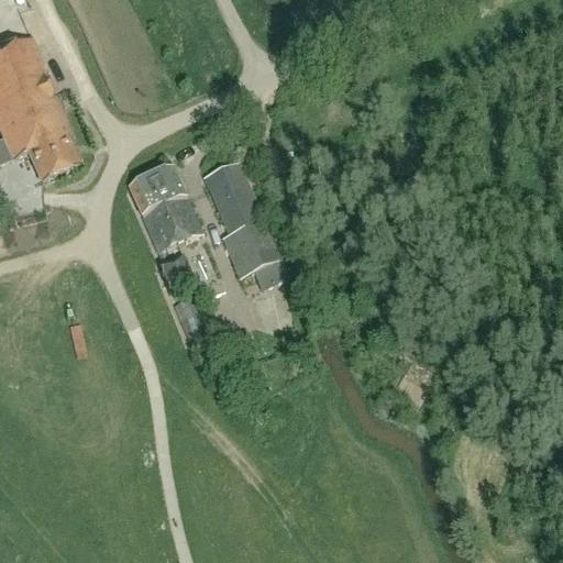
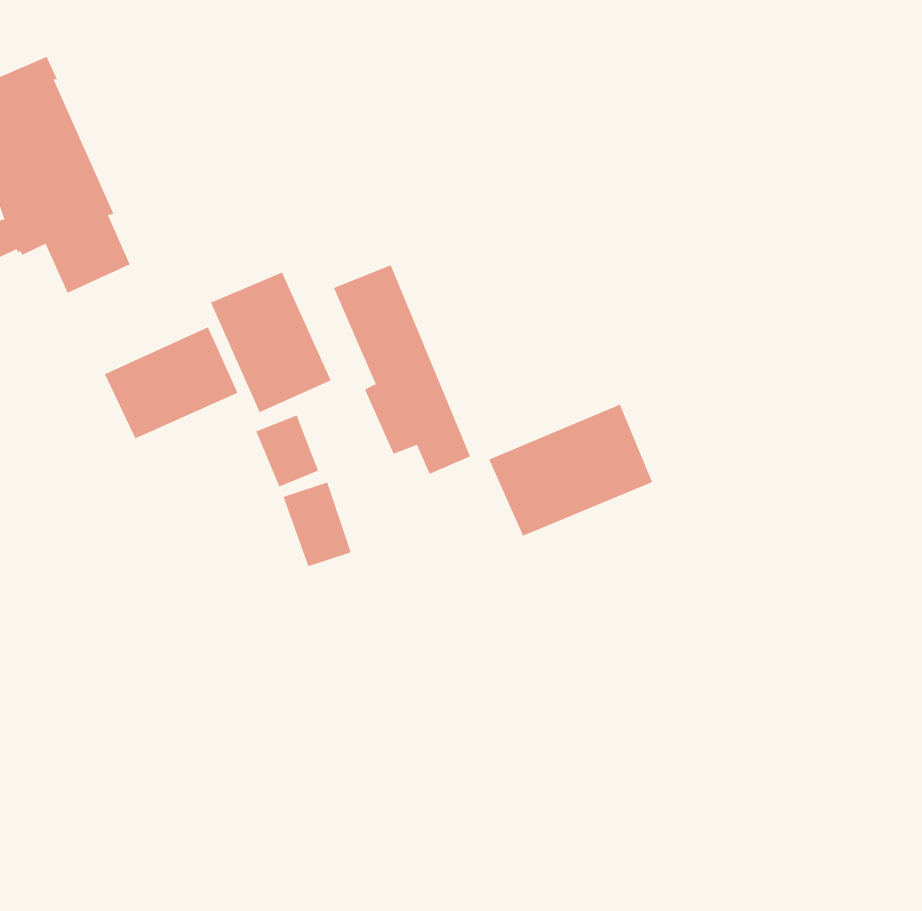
building: none -> [104,326,238,439]
building: none -> [489,404,653,537]

